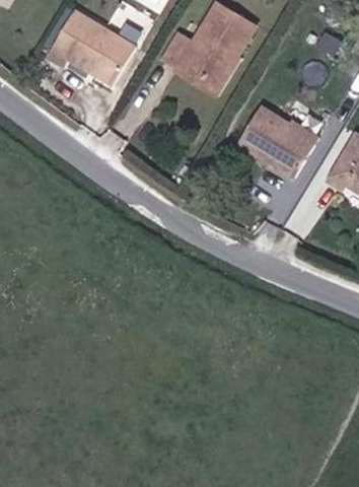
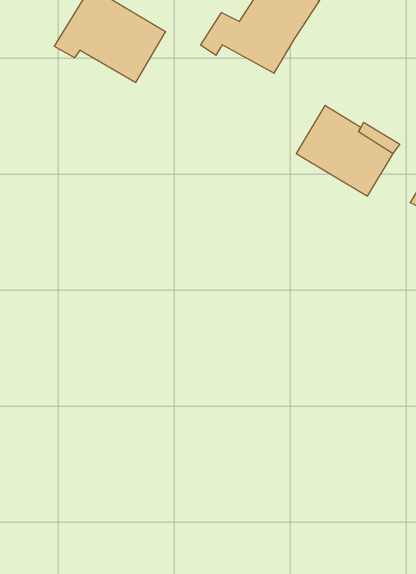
building: [172,53,240,95] -> none

